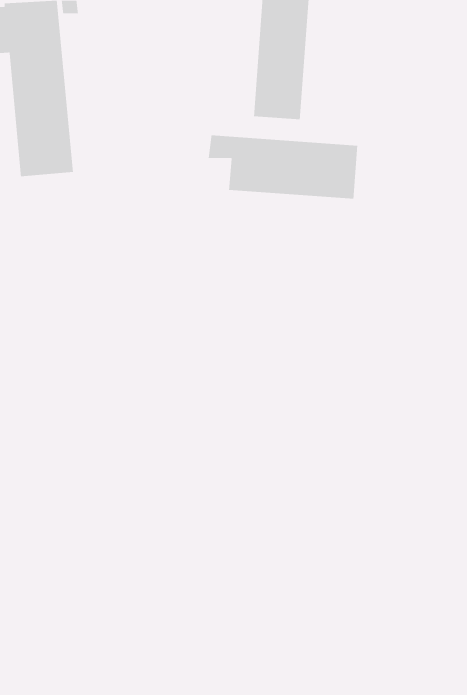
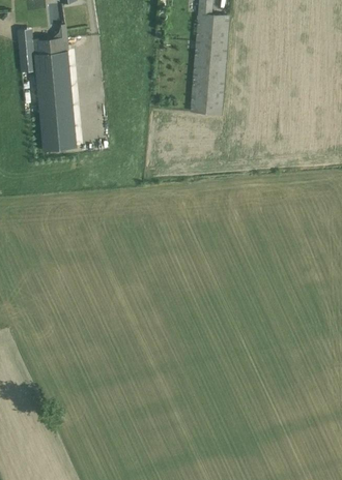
building: [208,134,358,199] -> none

